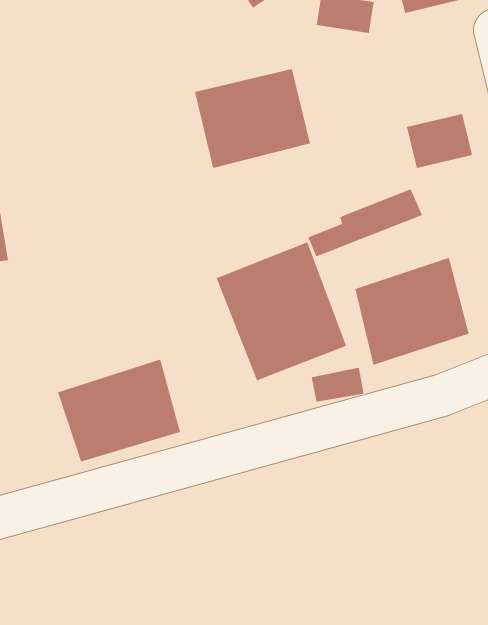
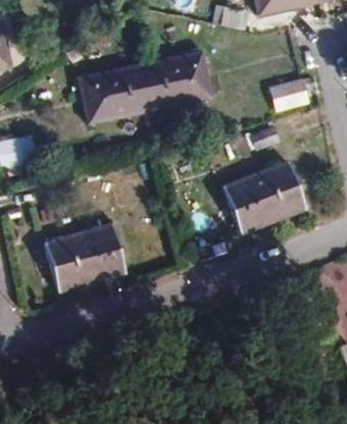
building: none -> [77,63,147,124]
building: [216,242,347,381] -> none

